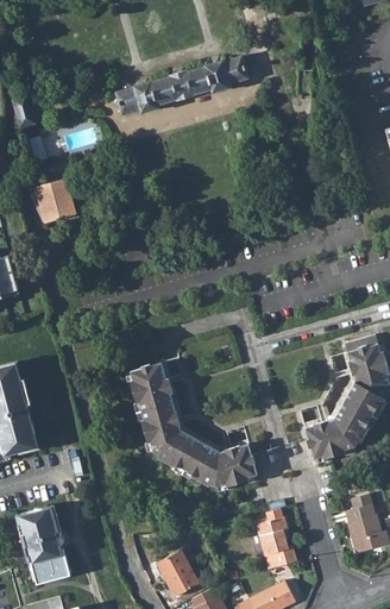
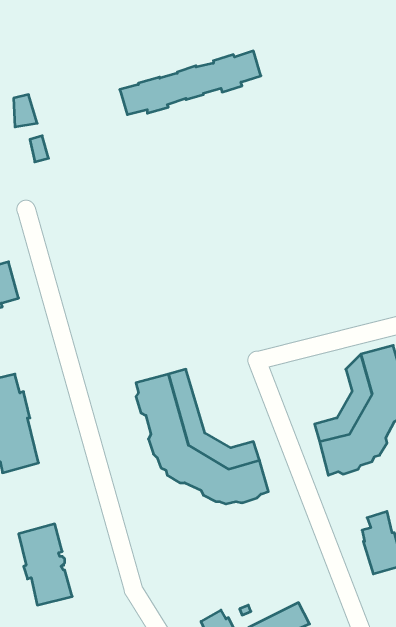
building: [27,180,76,222] -> none
building: [250,508,297,569] -> none
building: [157,550,200,596] -> none

